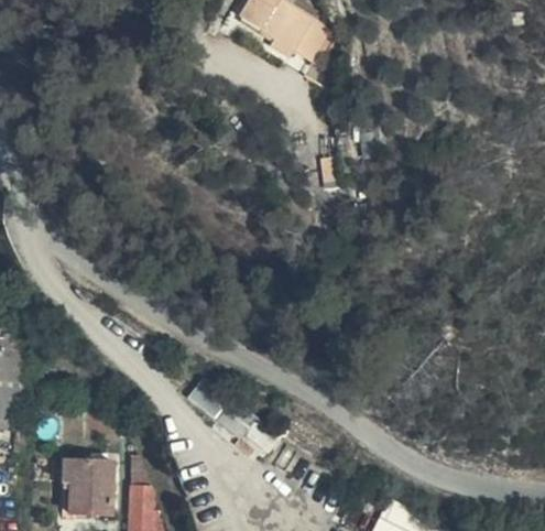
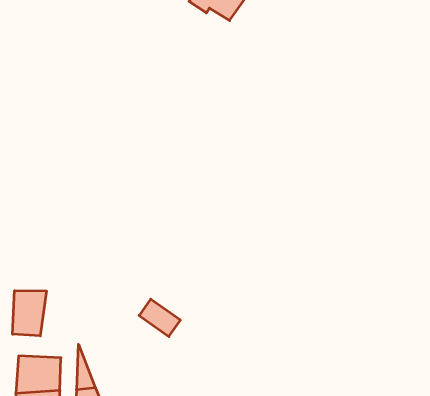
building: none -> [13,291,46,336]

